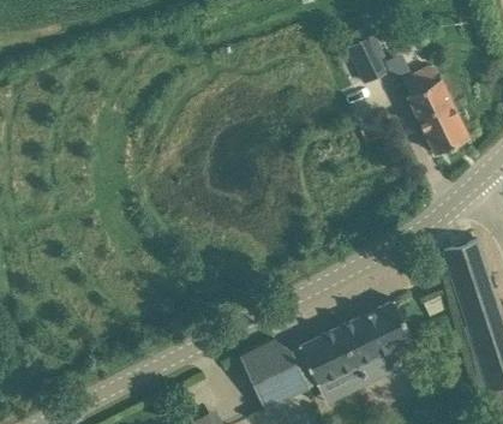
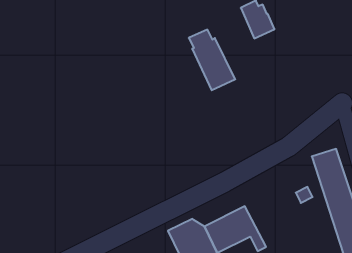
building: [403,67,469,154] -> [189,30,235,90]
building: [349,300,415,380] -> none

